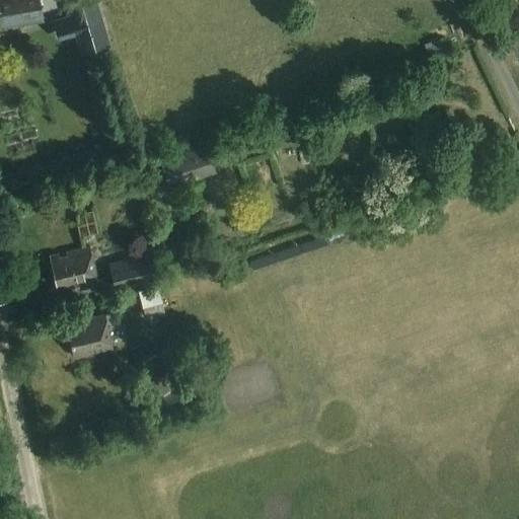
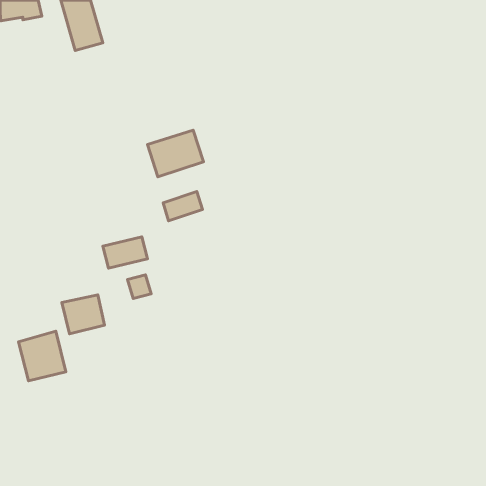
building: none -> [163,192,202,221]
building: [52,246,97,287] -> none
building: none -> [18,331,66,381]

